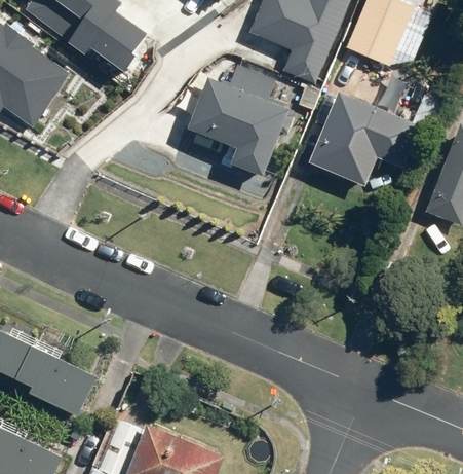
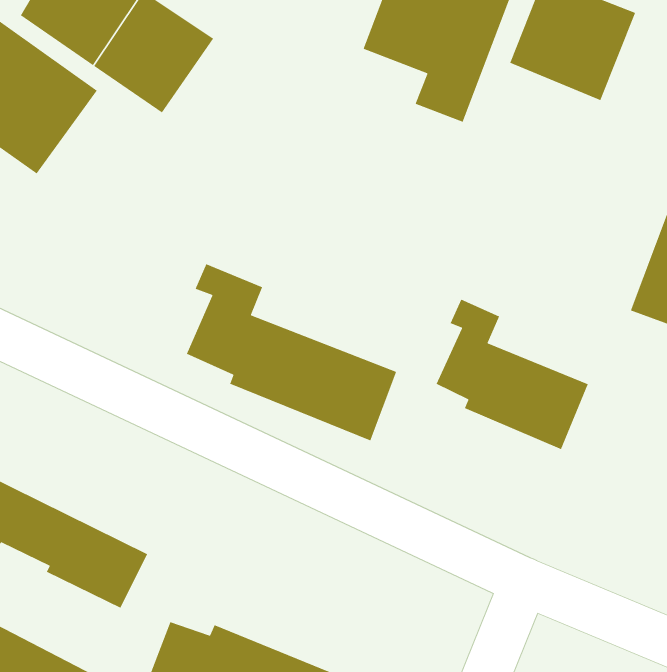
building: [189,65,292,177] -> none
building: [309,88,421,187] -> none
building: none -> [186,263,397,441]
building: none -> [436,299,589,450]

